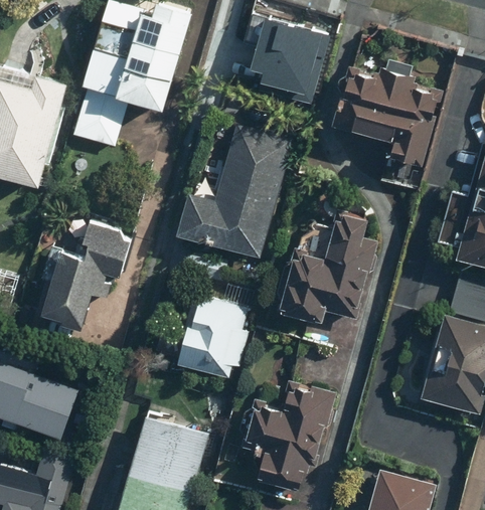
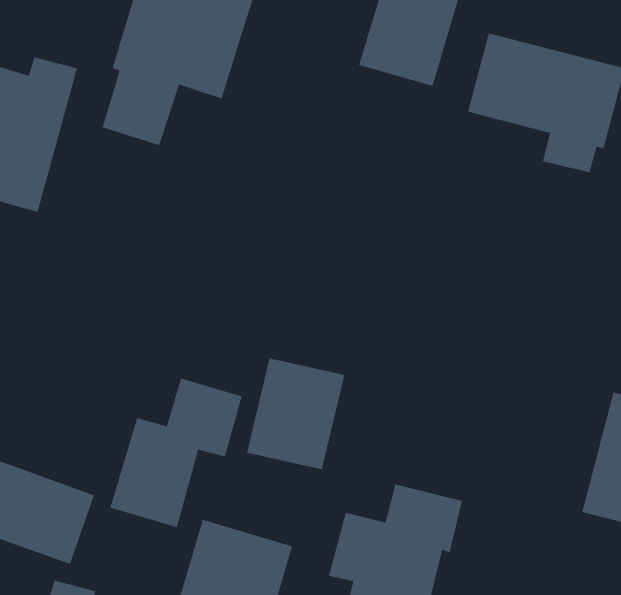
building: [177,121,296,252] -> none
building: [273,211,375,326] -> none
building: [35,224,130,331] -> [110,378,243,528]

